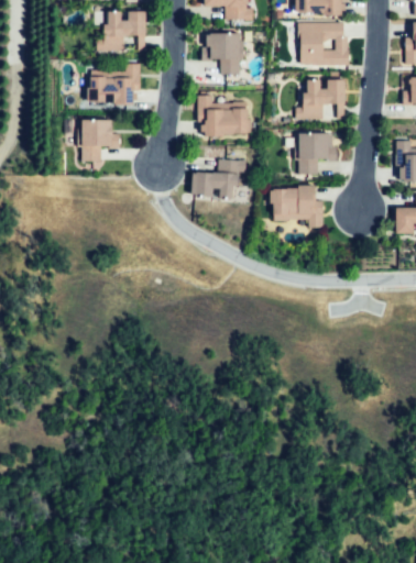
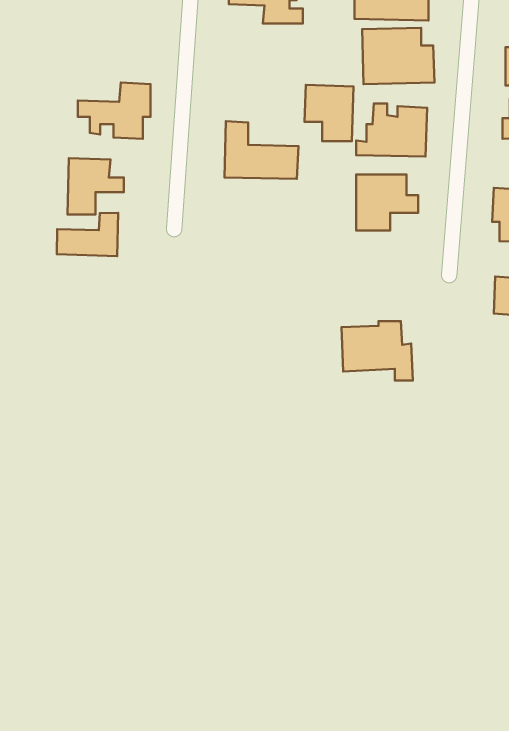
building: [95,11,146,49] -> none
building: [207,32,243,74] -> [305,85,353,141]
building: [191,158,248,201] -> none
building: none -> [57,213,118,256]
building: [271,184,324,228] -> [342,321,413,381]

